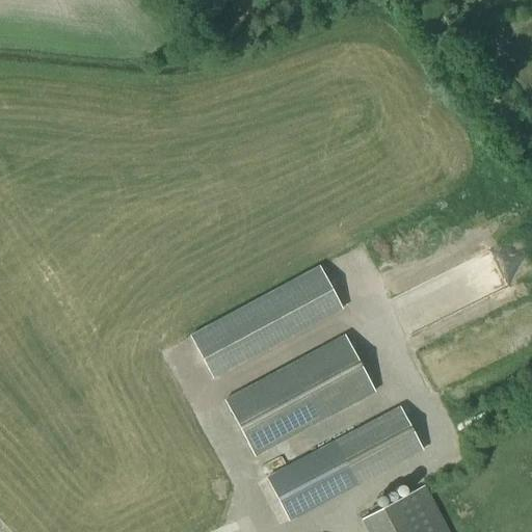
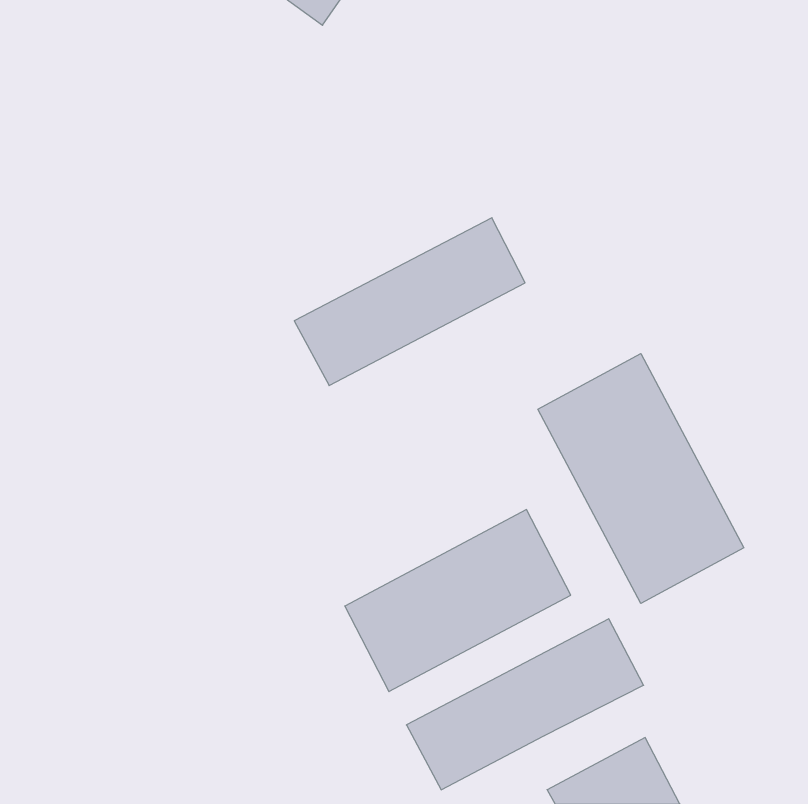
building: none -> [538,354,744,603]
building: [192,266,344,376] -> [294,218,525,386]

